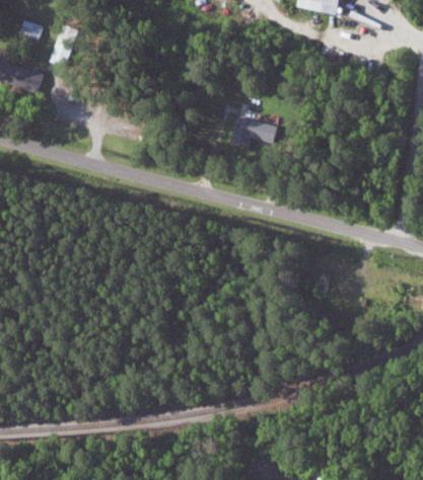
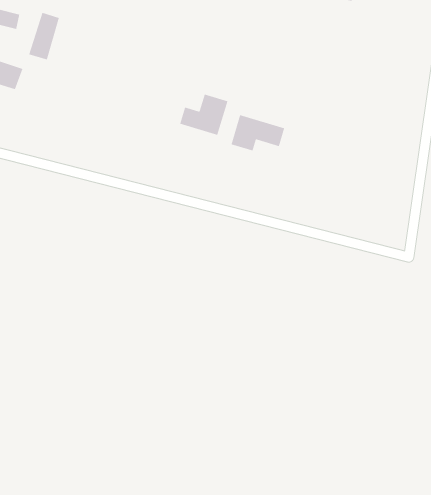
building: none -> [179,93,228,136]

